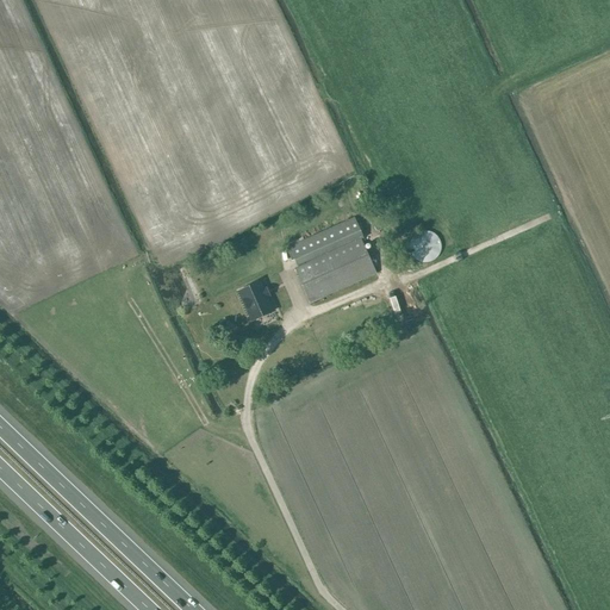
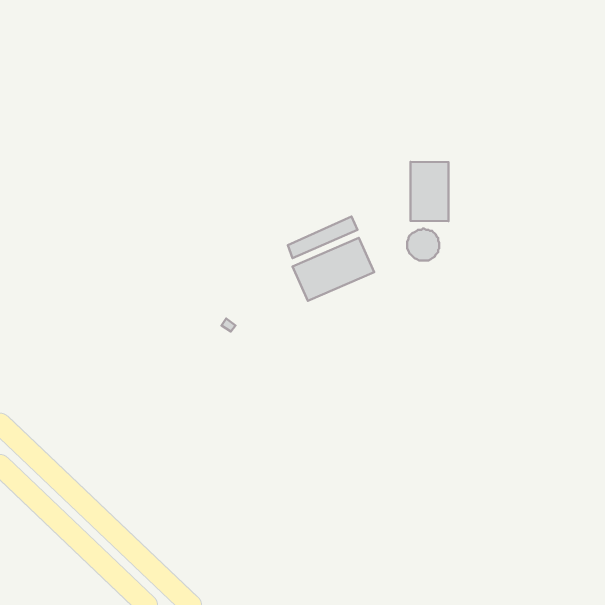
building: none -> [411,162,448,221]
building: [239,281,270,317] -> none

